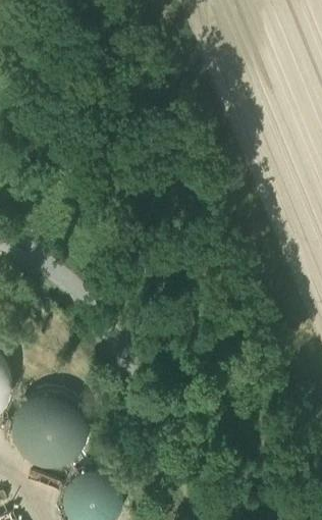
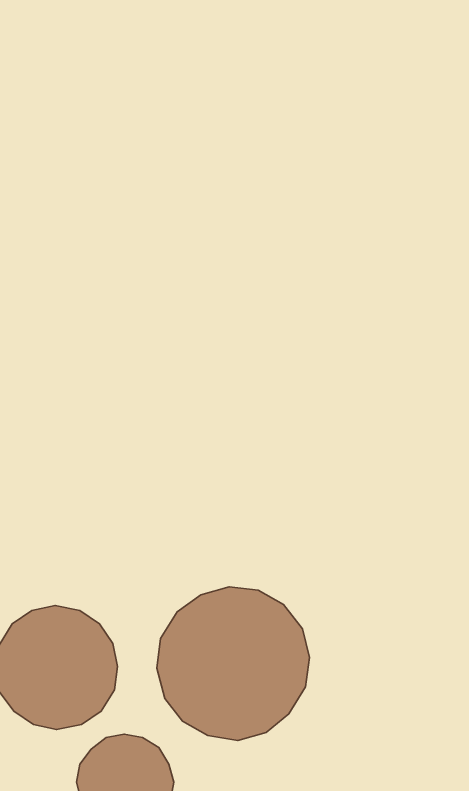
building: none -> [157,587,309,740]

